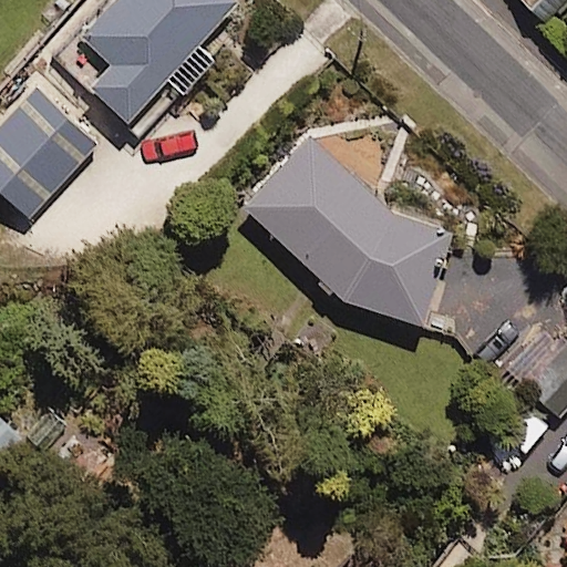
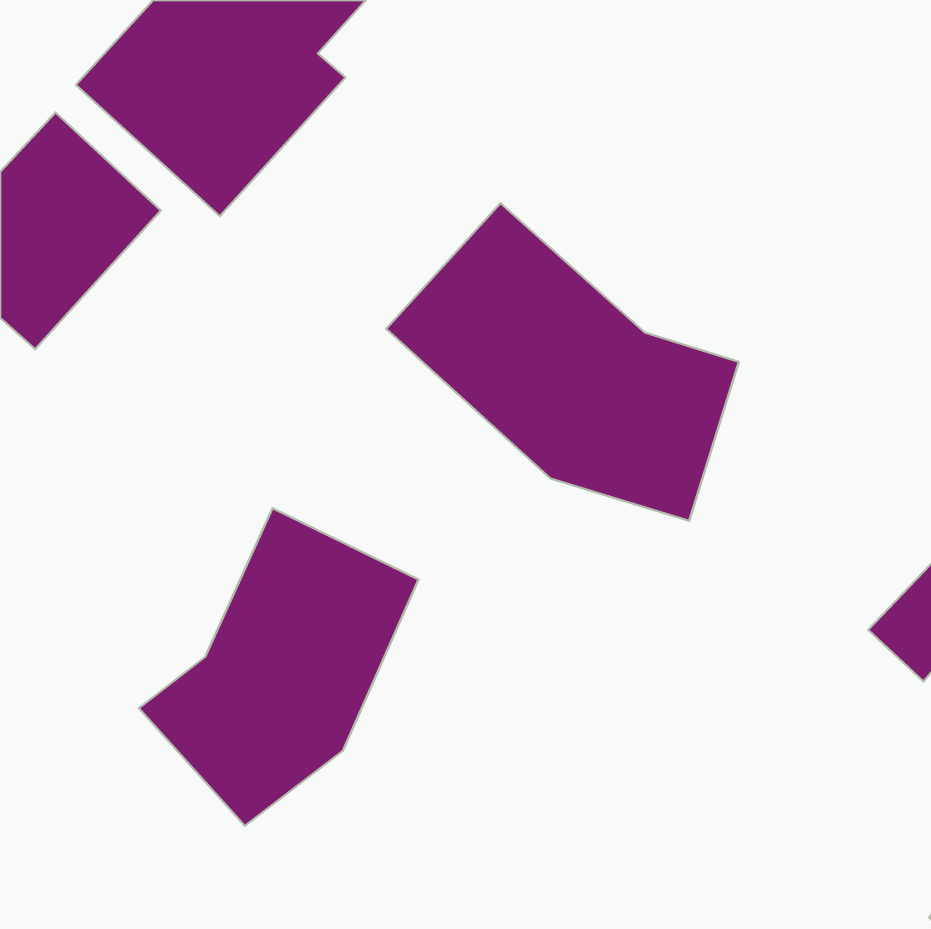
building: none -> [139,508,418,826]

